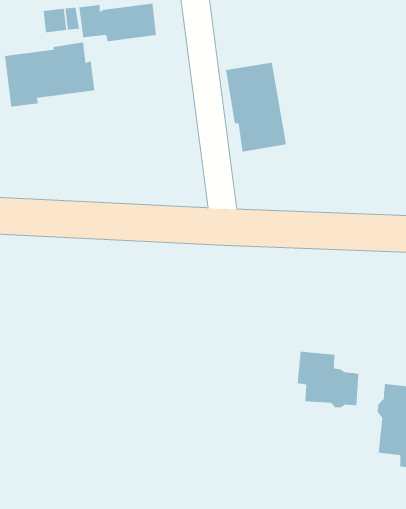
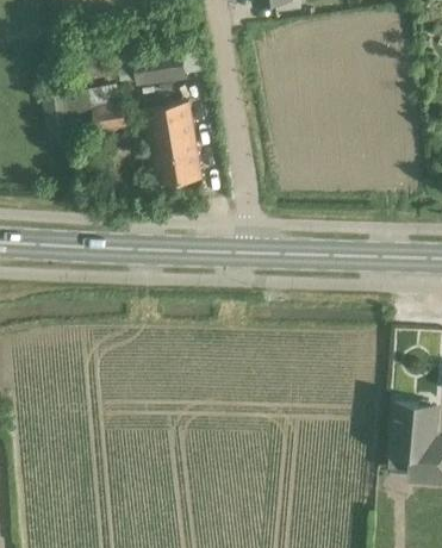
building: [225,62,287,152] -> [144,102,201,186]
building: [297,351,359,408] -> none

